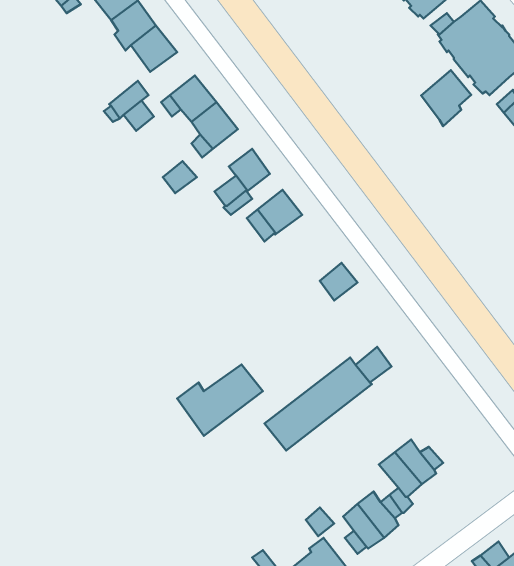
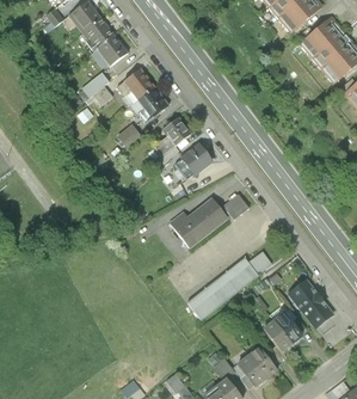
building: [421,70,471,126] -> none
building: [177,365,263,436] -> [171,197,228,245]
building: none -> [290,278,333,325]

